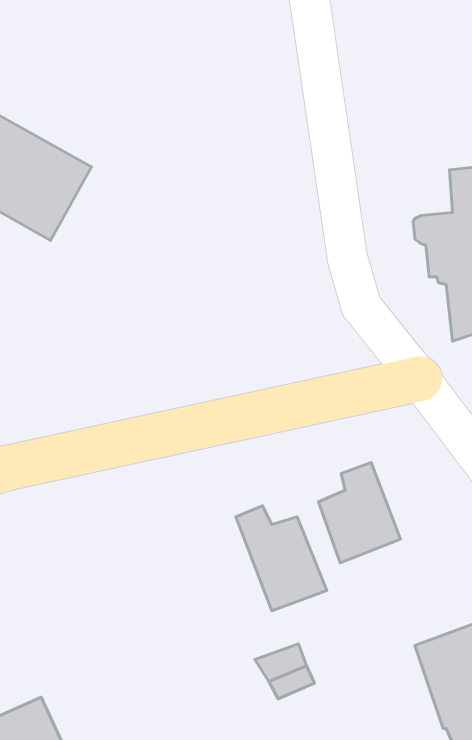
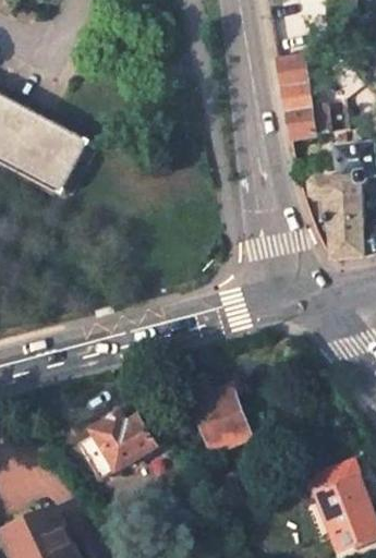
building: none -> [276,53,329,136]
building: [319,463,401,563] -> none
building: none -> [77,414,169,480]

